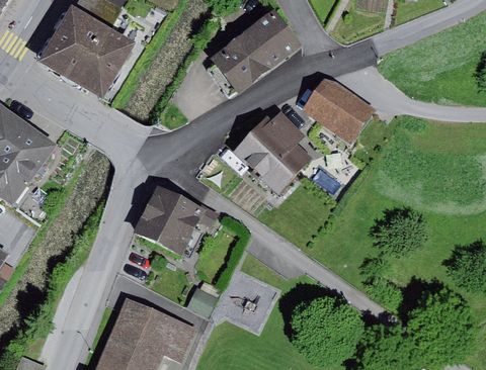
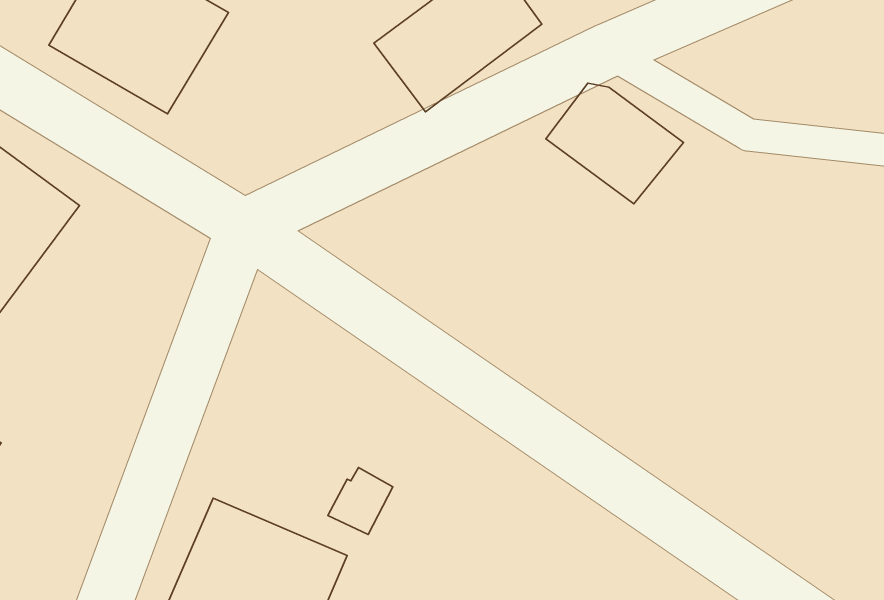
building: [232,112,312,193] -> none
building: [132,184,219,257] -> none

